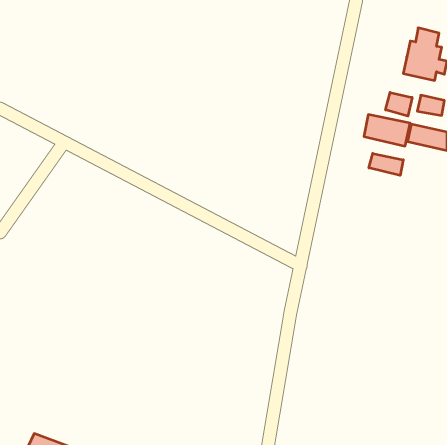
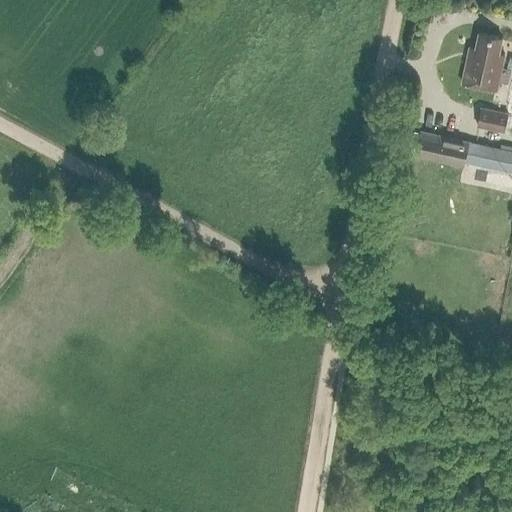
building: [386,92,412,116] -> none
building: [369,153,403,175] -> none

